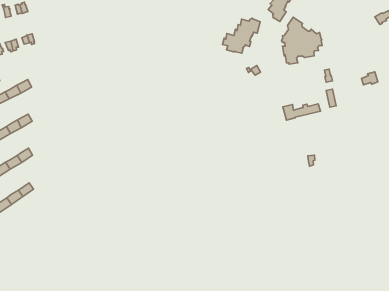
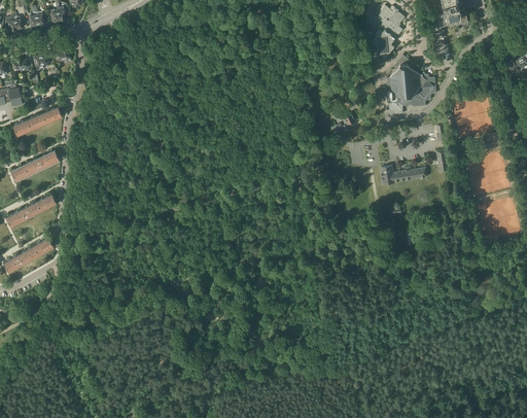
building: [223,18,260,53] -> none

